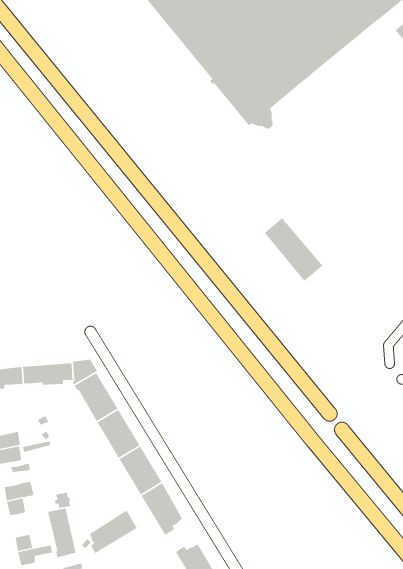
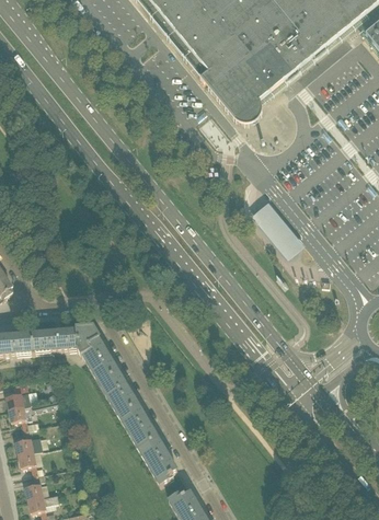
building: [47,507,77,558] -> none
building: [89,510,138,554] -> none

